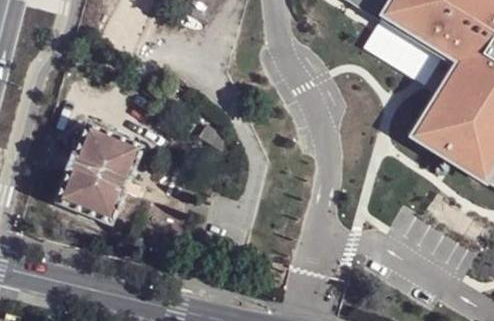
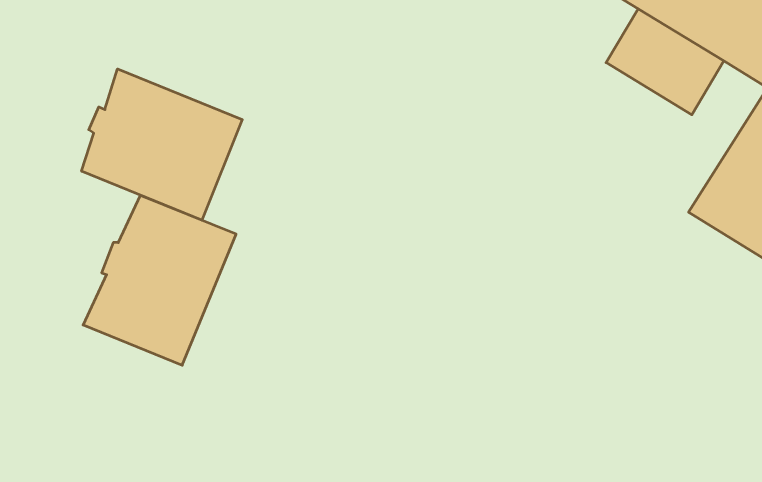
building: none -> [82,69,242,220]

